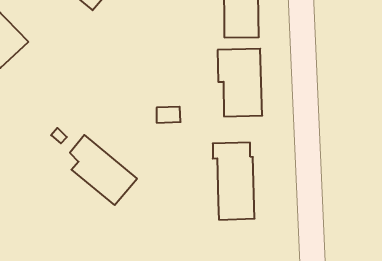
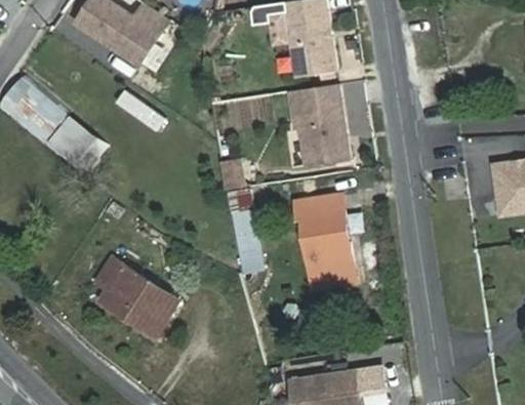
building: none -> [46,115,96,163]
building: [70,135,137,205] -> [95,257,176,334]

